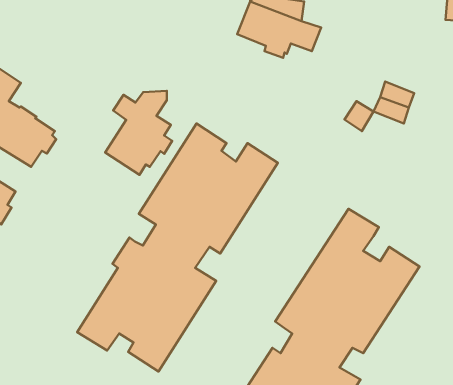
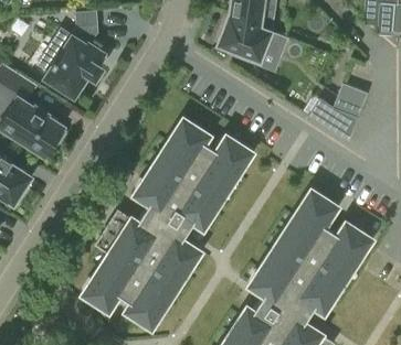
building: [105,91,172,175] -> [45,26,102,97]

